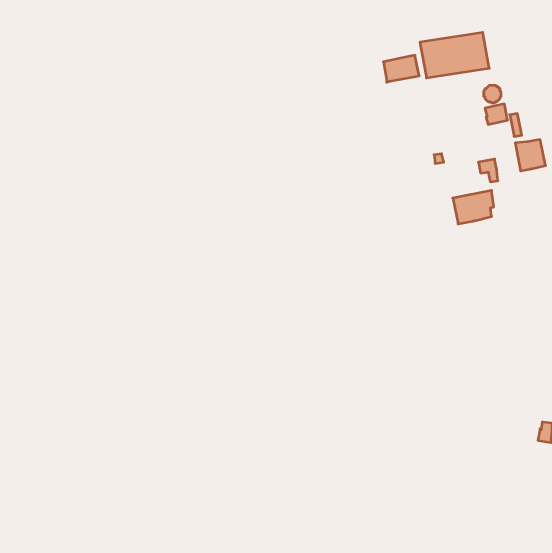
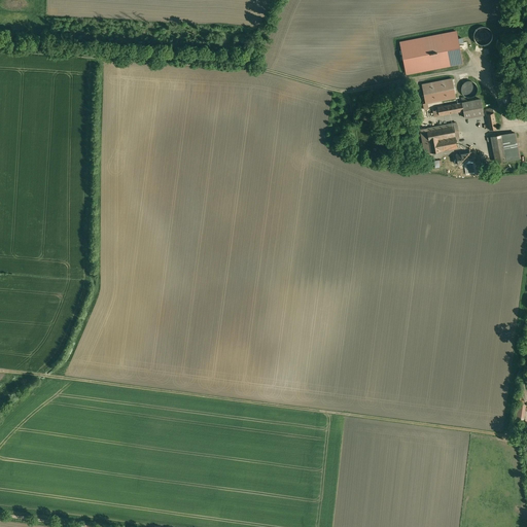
building: [383,55,419,82] -> [421,78,455,104]
building: [453,190,494,224] -> [419,122,458,154]

